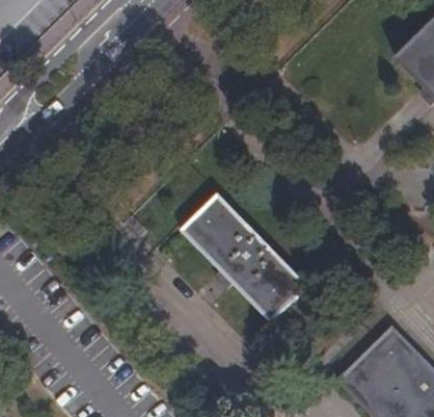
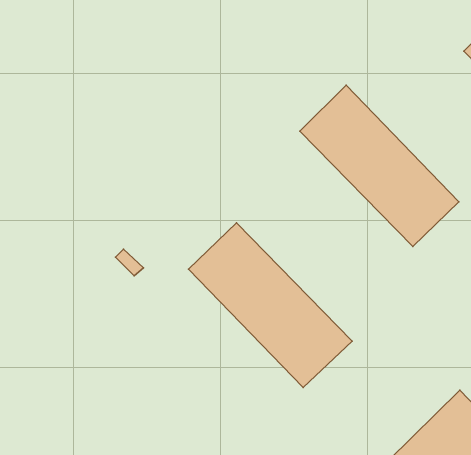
building: none -> [300,85,459,247]

